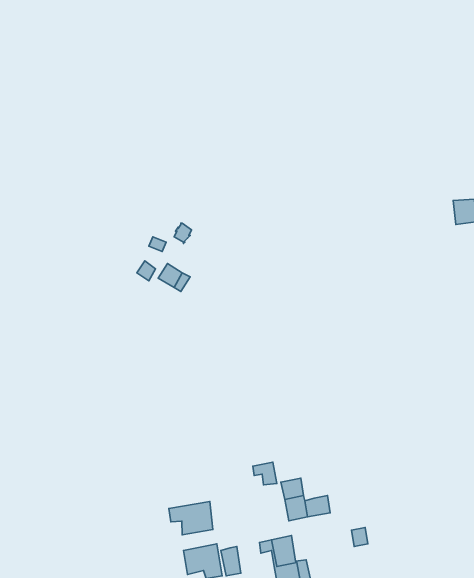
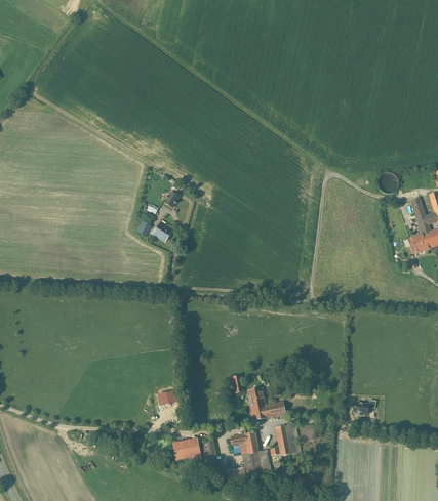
building: [169,502,213,535] -> none
building: none -> [270,424,296,455]

